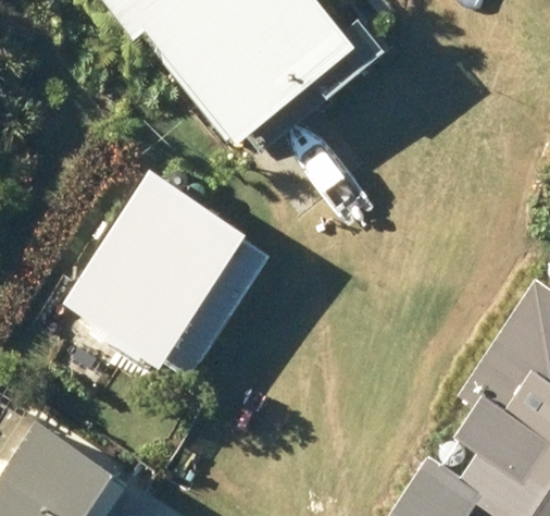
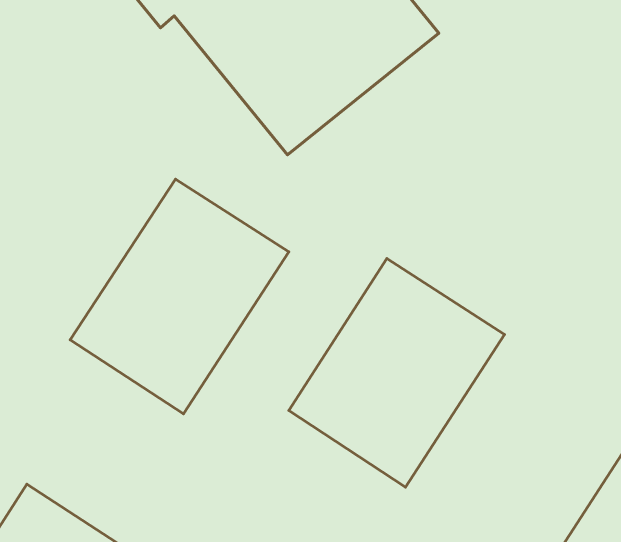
building: none -> [289,259,505,487]

